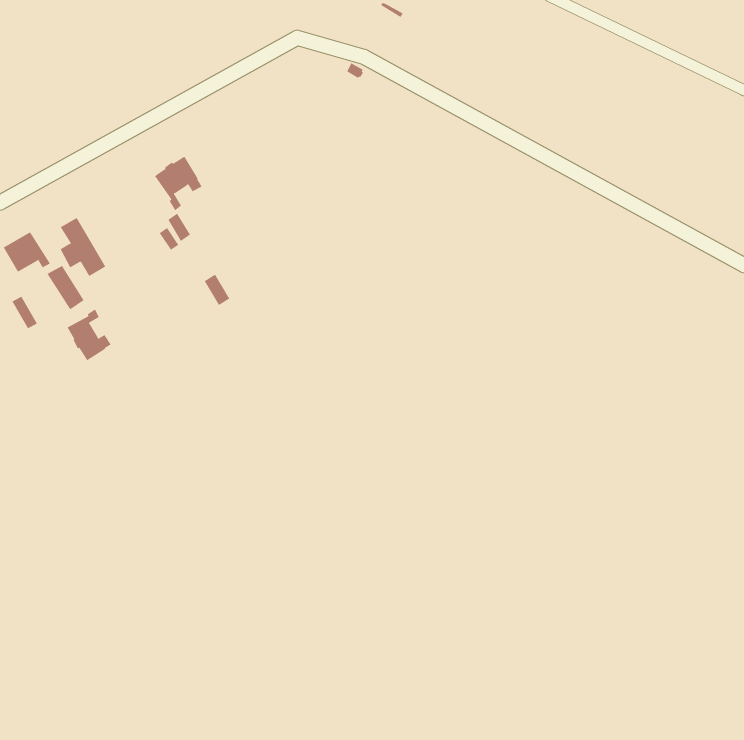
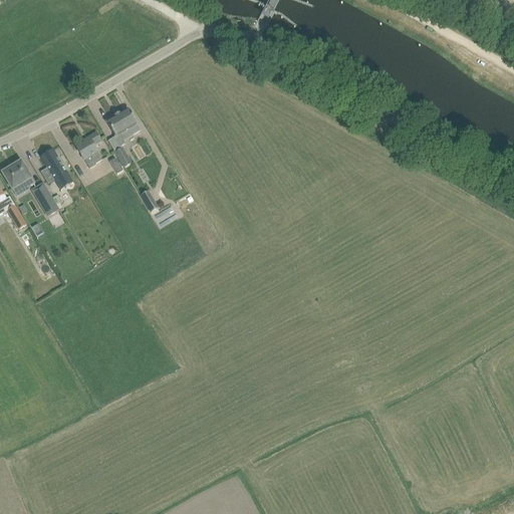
building: none -> [77,132,102,168]
building: [67,308,111,361] -> none

